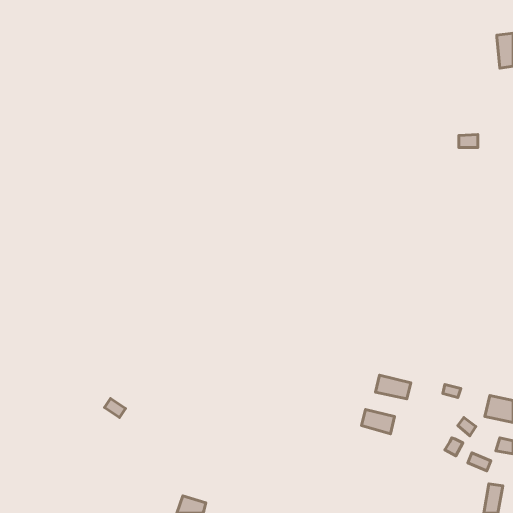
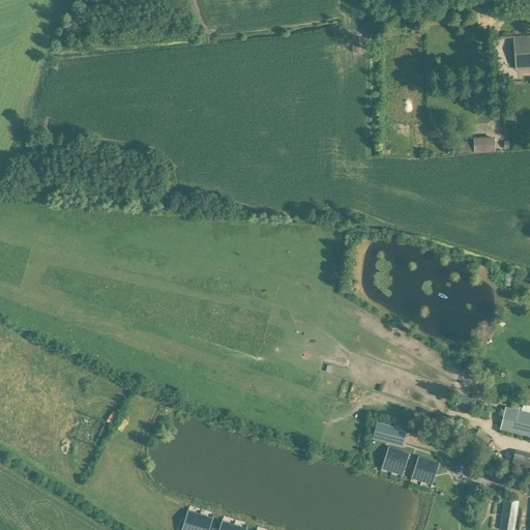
building: [375,375,411,399] -> none
building: none -> [382,447,410,475]
building: none -> [412,457,440,484]

